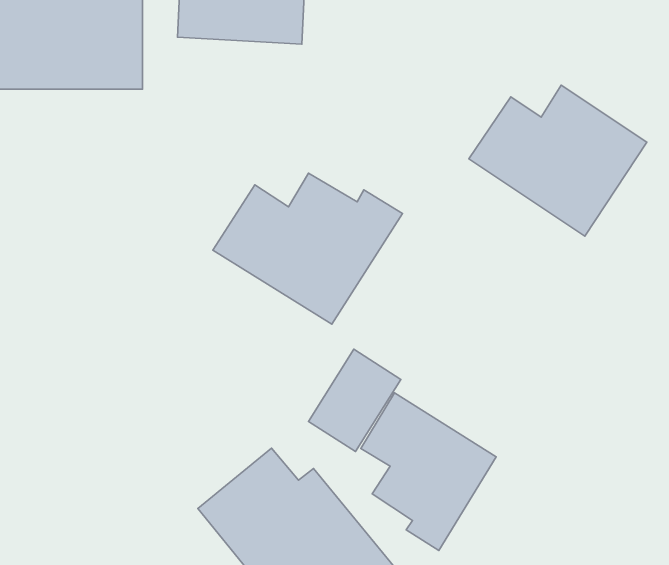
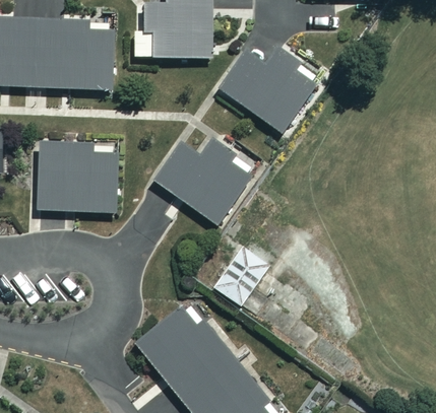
building: [469,85,647,236] -> [220,46,327,137]
building: none -> [38,142,115,211]
building: [361,393,496,551] -> none

